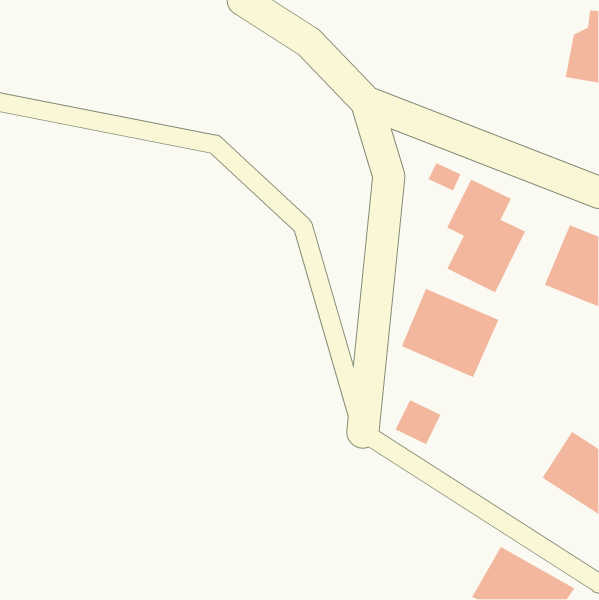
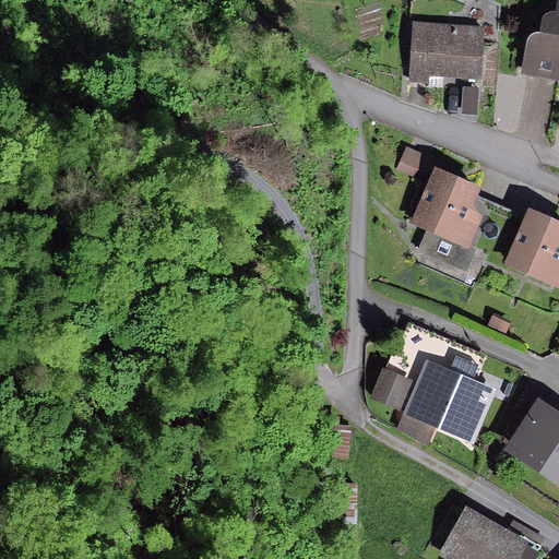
building: none -> [409,23,486,85]
building: [401,288,499,378] -> [406,358,498,442]

